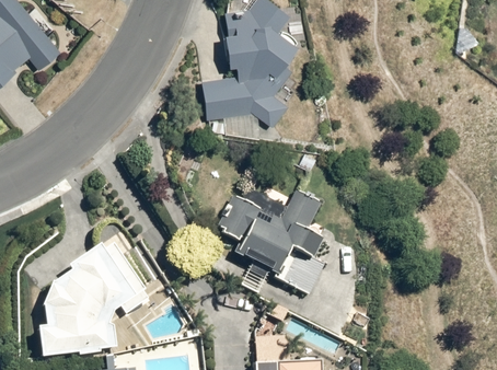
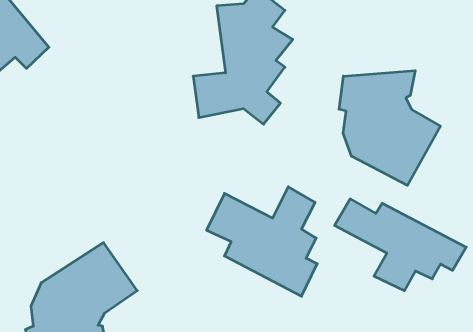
building: none -> [339,71,440,185]
building: none -> [335,199,466,291]

